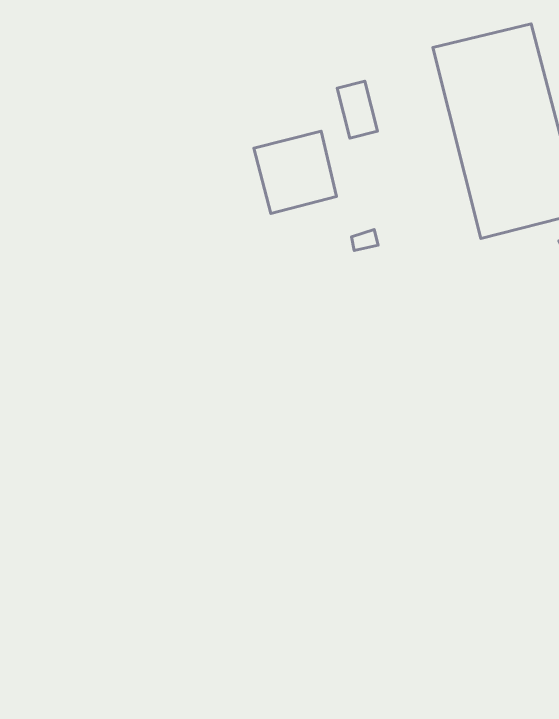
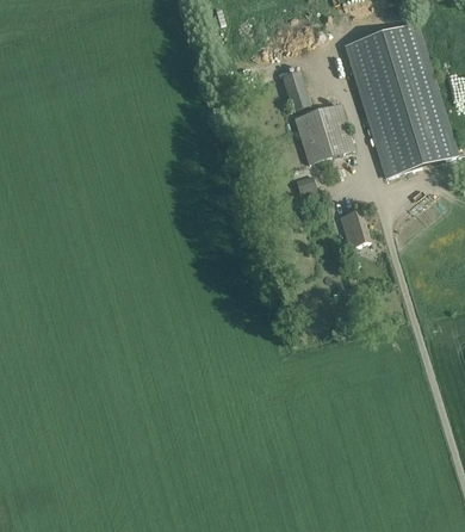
building: [254,131,336,214] -> [292,103,352,162]
building: none -> [337,209,368,247]

